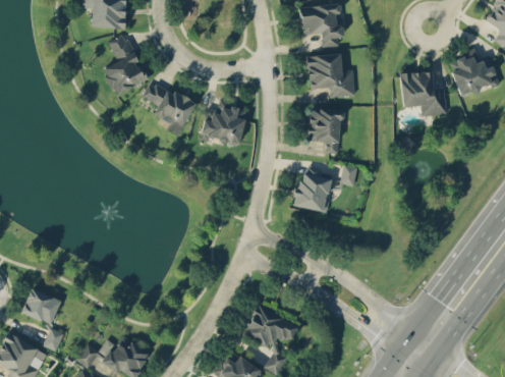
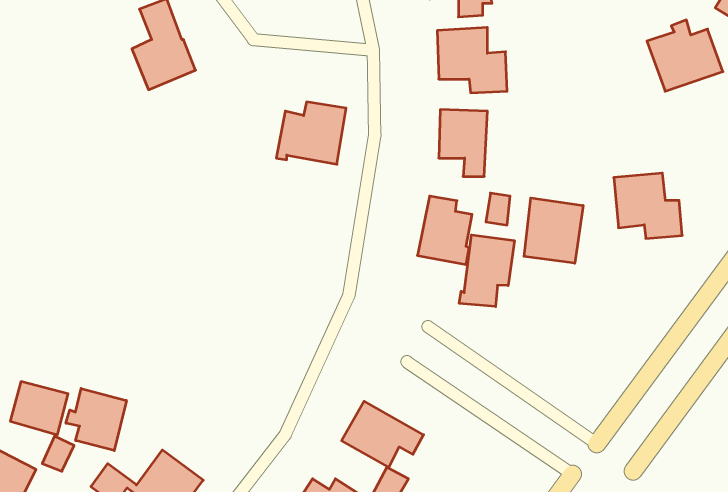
building: [400,71,446,115] -> [614,173,682,238]
building: [142,82,195,137] -> none
building: none -> [524,198,583,263]
building: none -> [459,235,514,307]
building: none -> [66,388,126,451]

